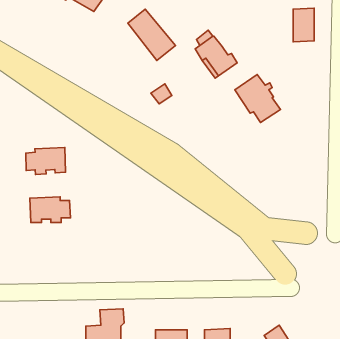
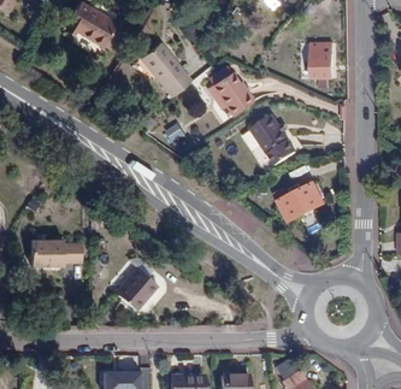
building: none -> [281,183,326,219]
building: [26,148,66,175] -> none
building: none -> [119,270,160,312]

